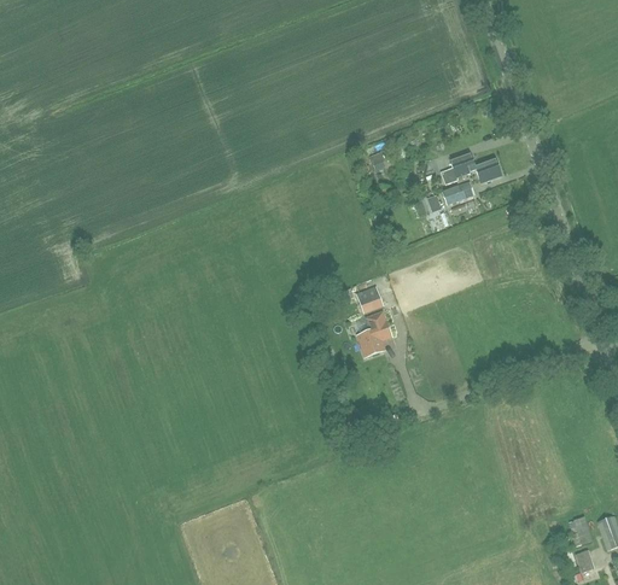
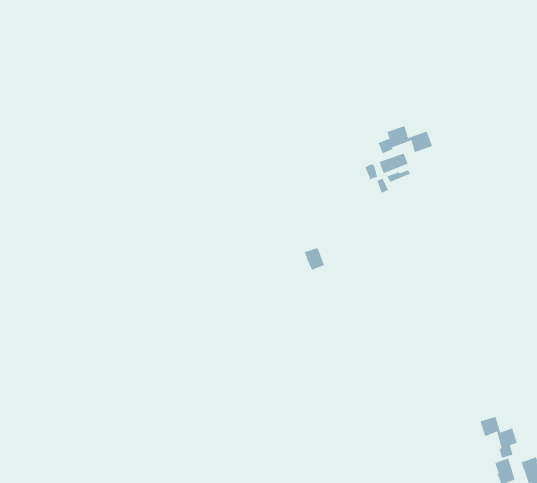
building: [357,311,391,356] -> none
building: none -> [480,416,517,458]

